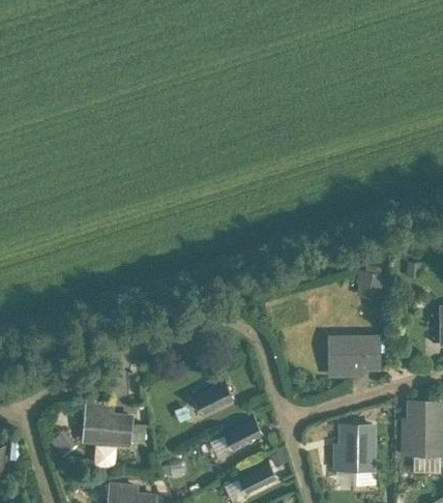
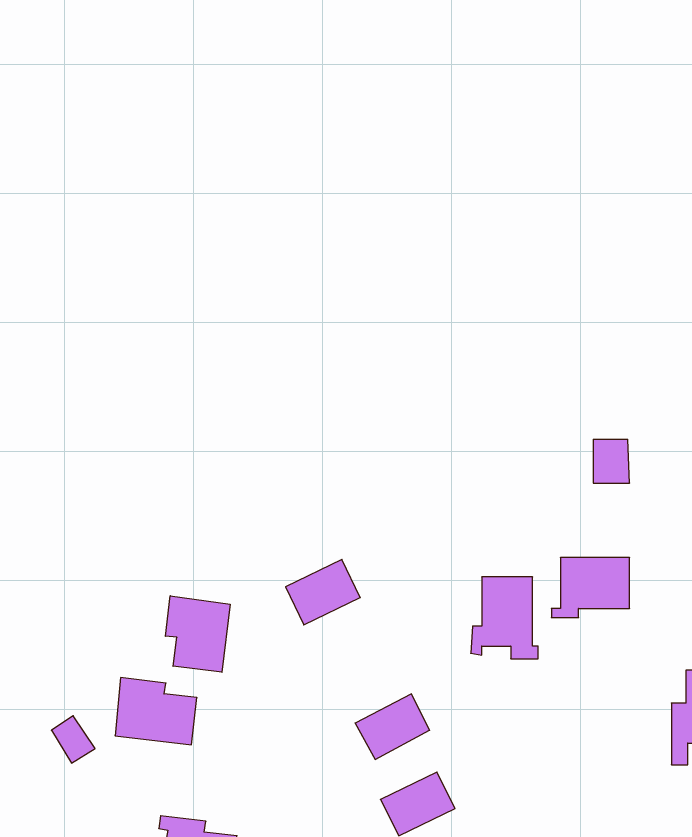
building: none -> [165,596,230,672]
building: [191,380,234,417] -> [286,559,360,625]
building: [335,426,374,473] -> [471,577,538,659]

